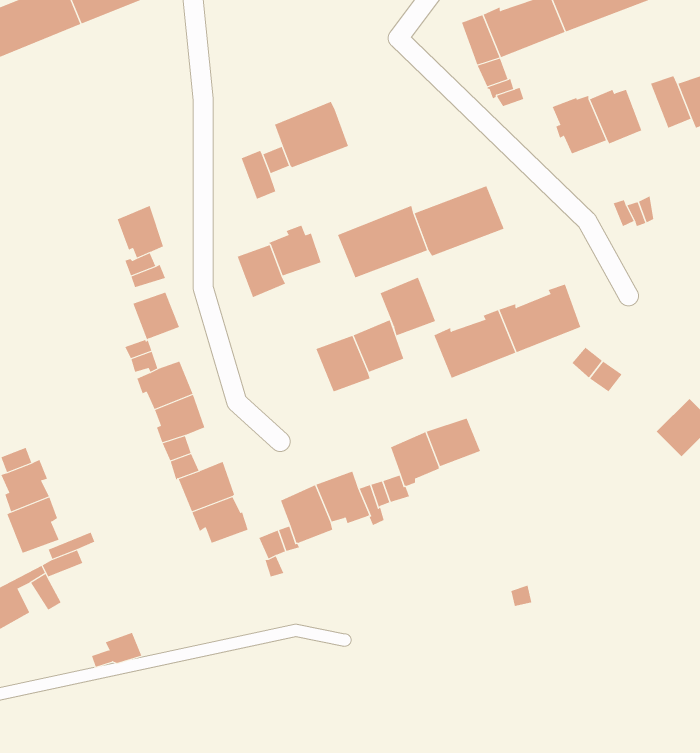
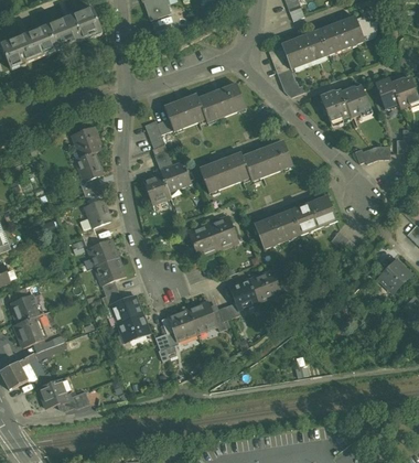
building: none -> [198,83,246,121]
building: none -> [74,126,101,157]
building: [380,277,436,336] -> none
building: none -> [37,377,72,408]

